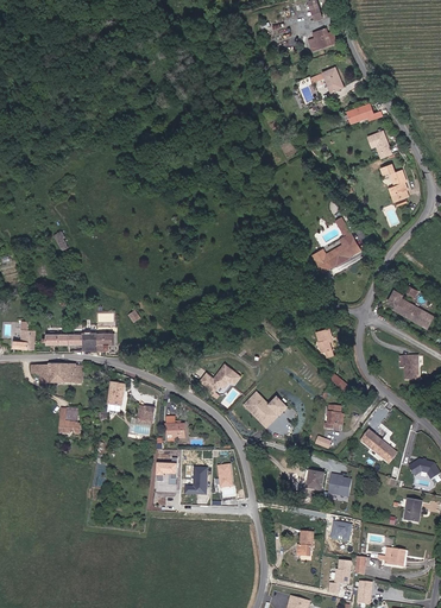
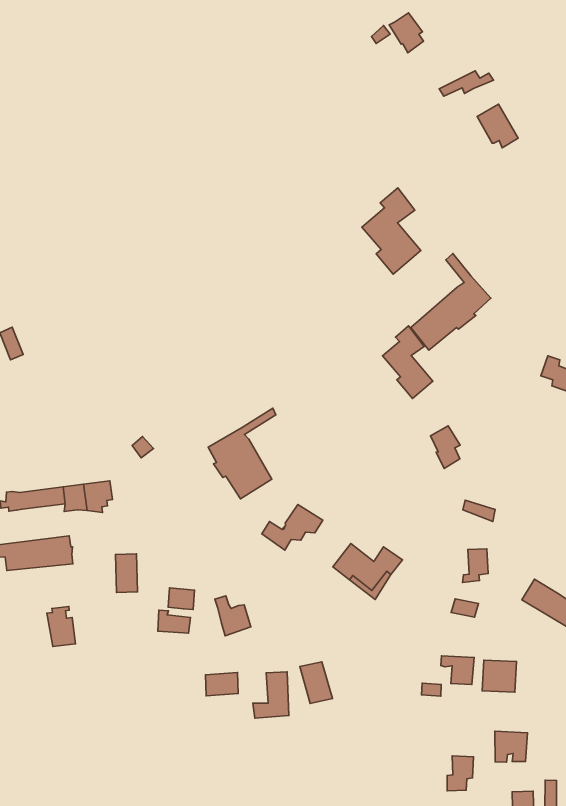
building: [382,165,409,203] -> none
building: none -> [362,188,421,274]
building: none -> [383,326,433,398]
building: none -> [208,408,276,499]

